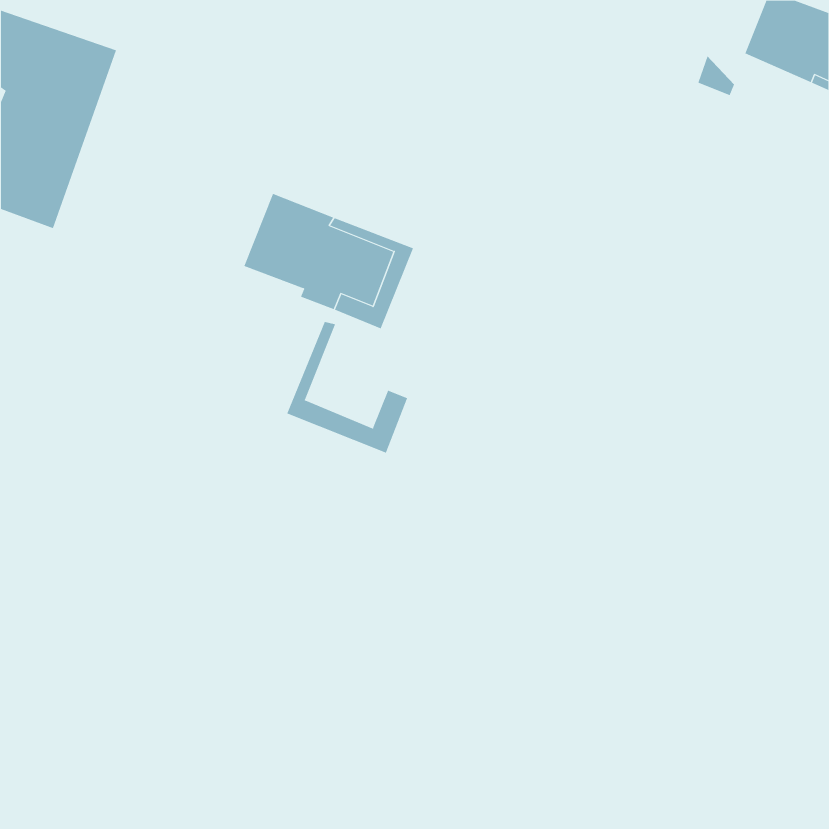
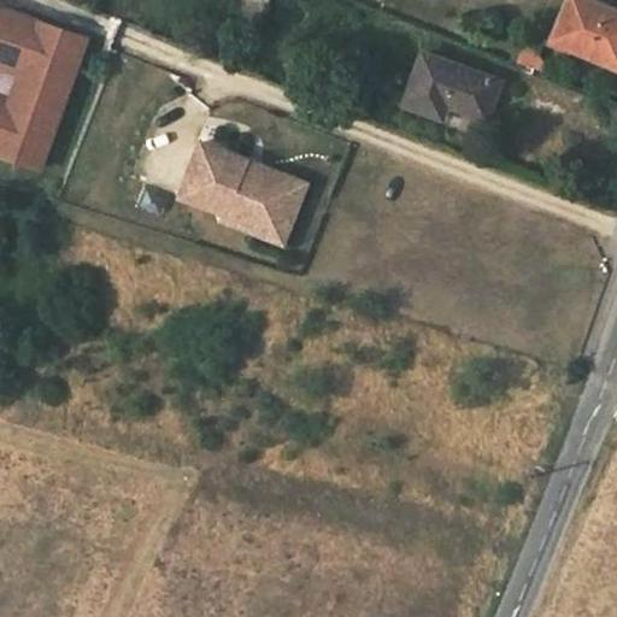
building: none -> [404,53,501,119]
building: [286,321,408,454] -> none

